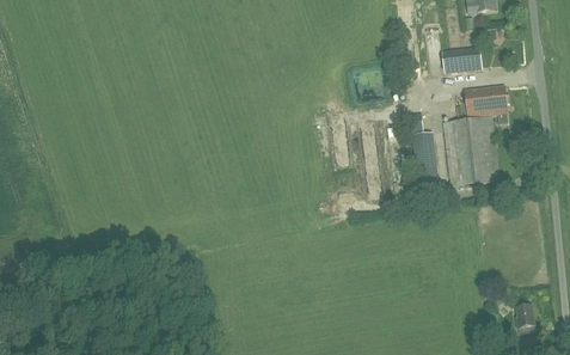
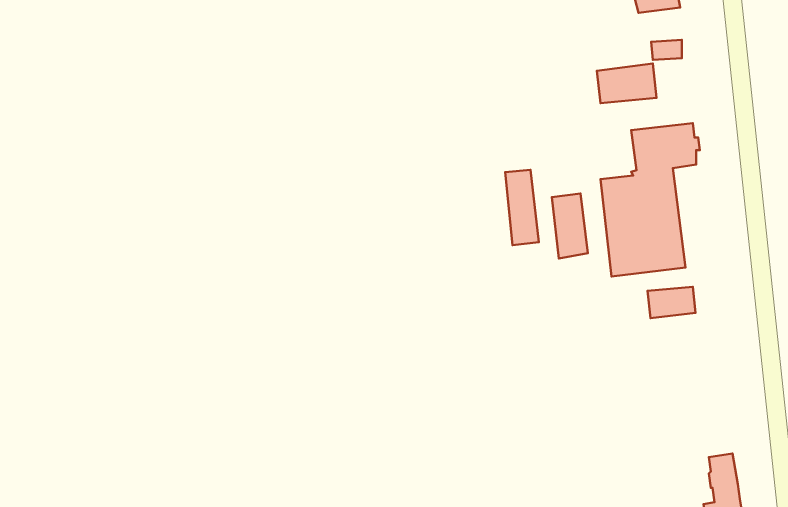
building: none -> [505,170,539,245]
building: none -> [648,287,696,318]

